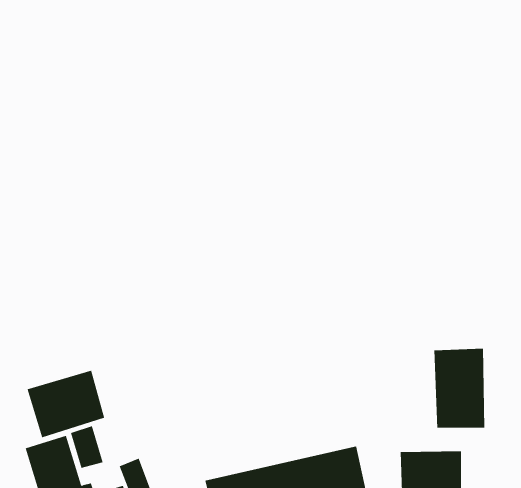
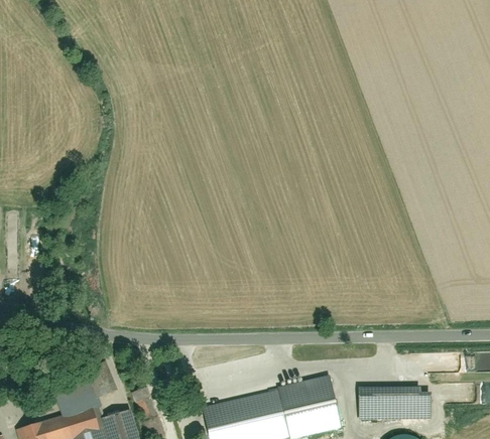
building: [434,348,485,429] -> none
building: [27,370,105,438] -> none

